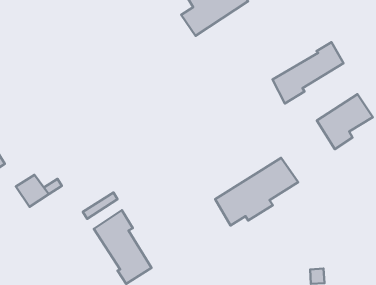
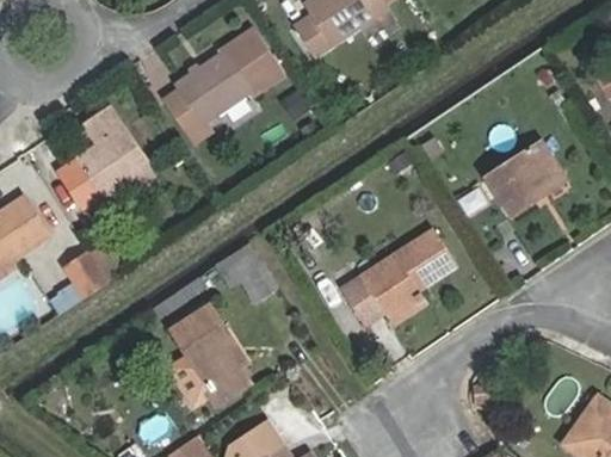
building: none -> [163,26,282,143]
building: [273,42,343,104] -> none
building: none -> [58,109,149,212]

